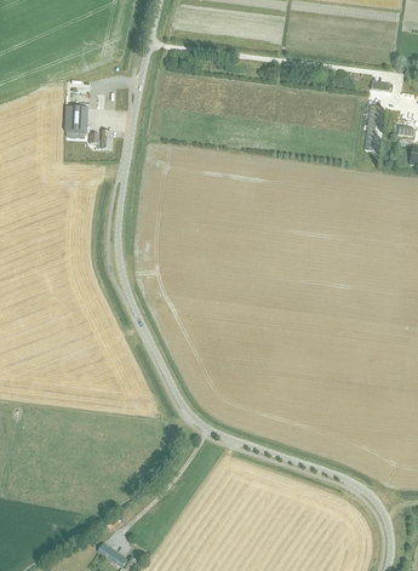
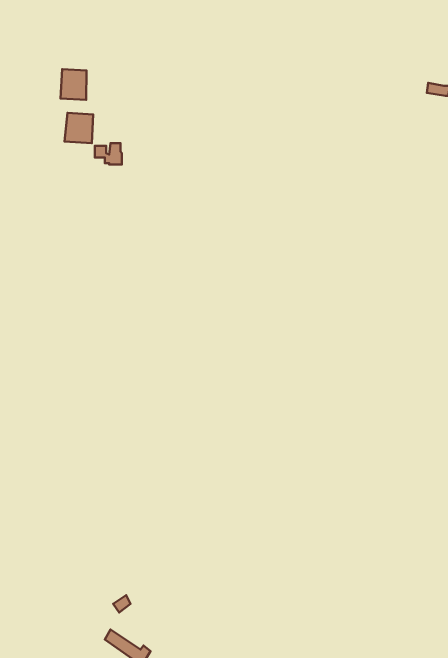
building: none -> [61,69,86,100]

